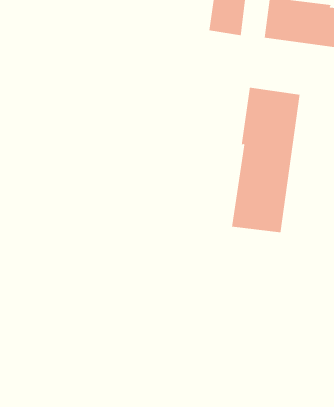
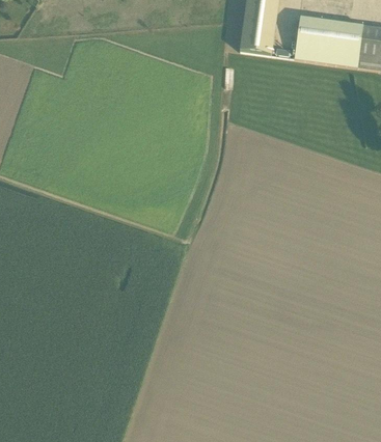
building: [231,87,300,233] -> none

